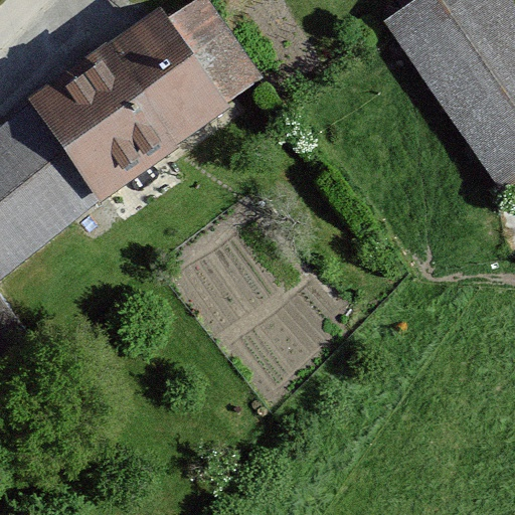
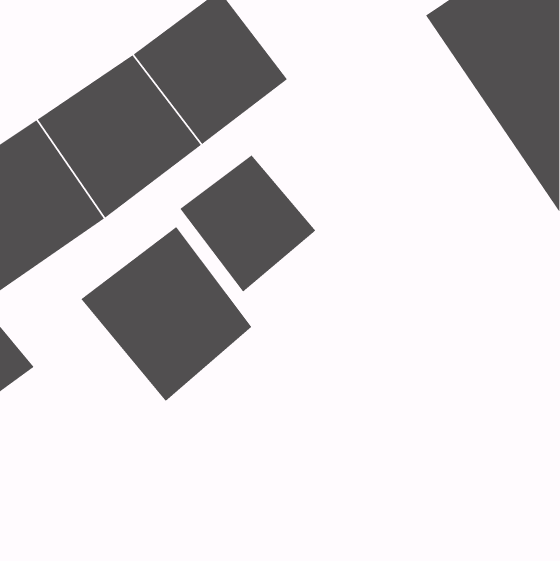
building: none -> [179,154,316,293]
building: none -> [81,226,252,402]

